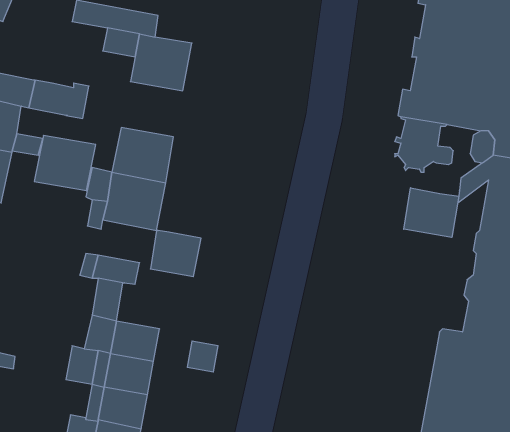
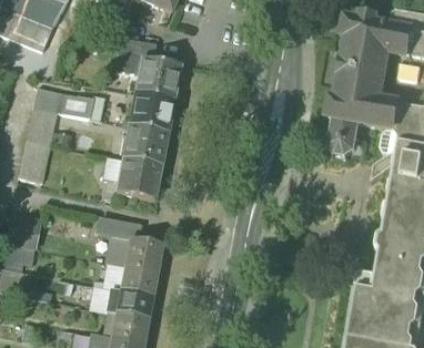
building: [34,135,96,191] -> [129,91,173,131]
building: [404,188,459,237] -> none
building: [150,231,201,277] -> [125,236,162,269]

